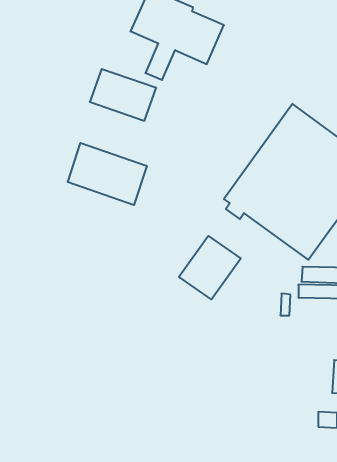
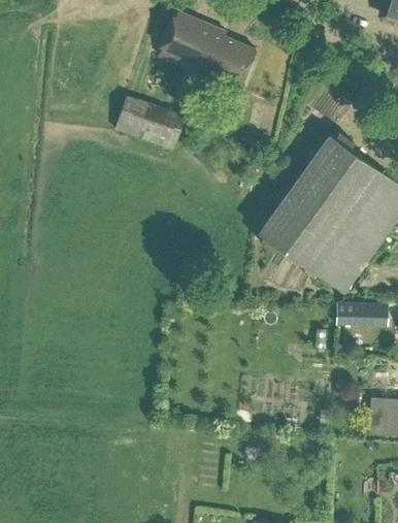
building: [68,143,147,205] -> none
building: [179,236,241,299] -> none

